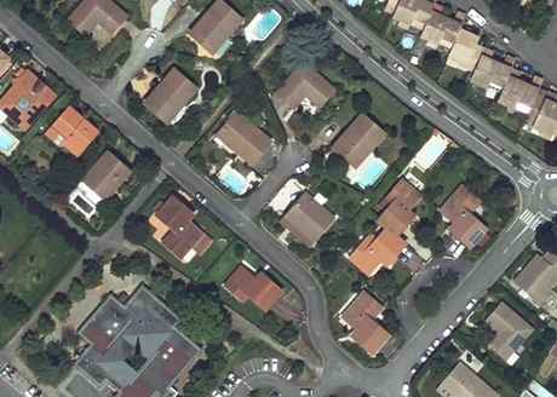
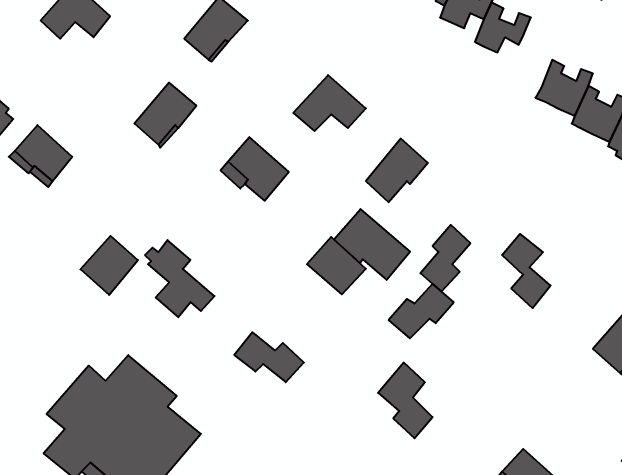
building: [449,31,482,73] -> none
building: [82,151,128,199] -> [80,236,138,295]
building: none -> [334,209,410,280]
building: [486,303,530,358] -> none

